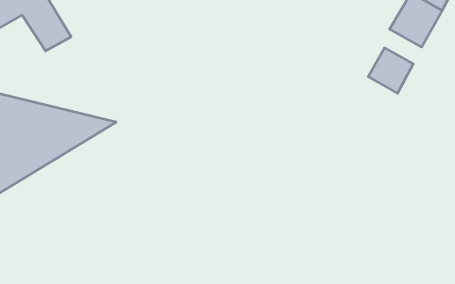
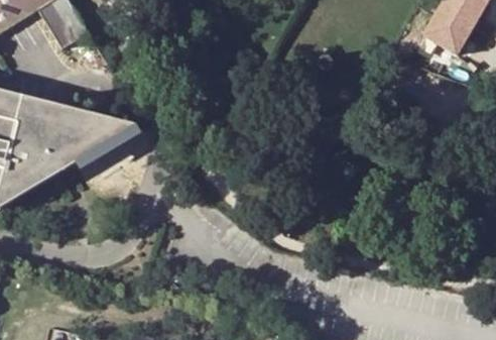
building: [368,48,413,93] -> none

